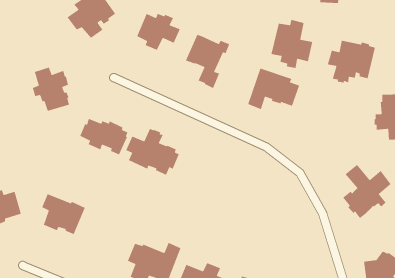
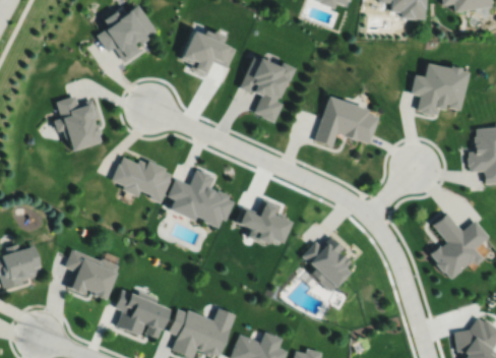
building: [271,19,313,69] -> none
building: none -> [239,202,290,243]
building: none -> [302,237,350,292]
building: none -> [116,290,171,339]

